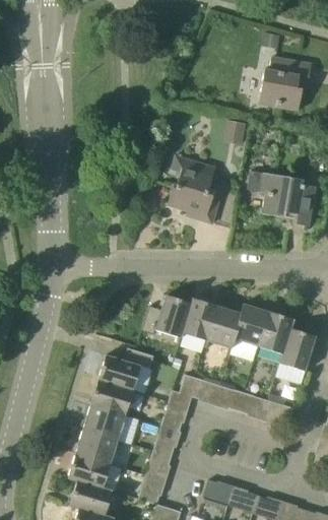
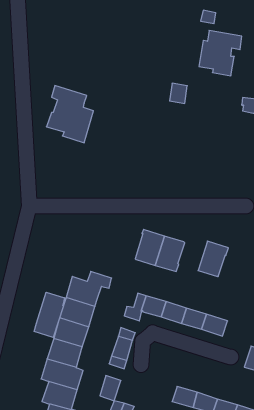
building: [168,155,224,224] -> [46,86,93,143]
building: [248,172,317,226] -> none
building: [143,296,192,338] -> none
building: [235,304,270,347] -> none
building: [276,329,317,385] -> none
building: none -> [34,292,65,337]
building: [203,479,234,506] -> none

